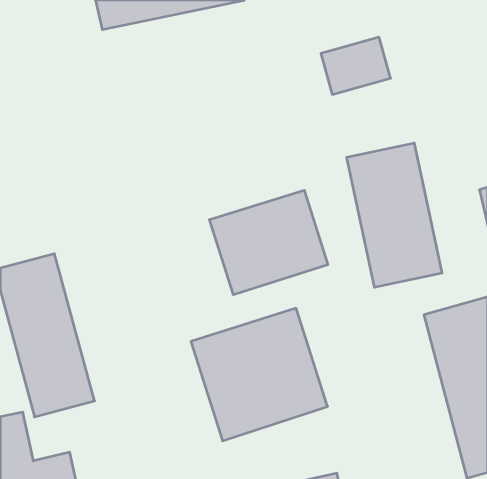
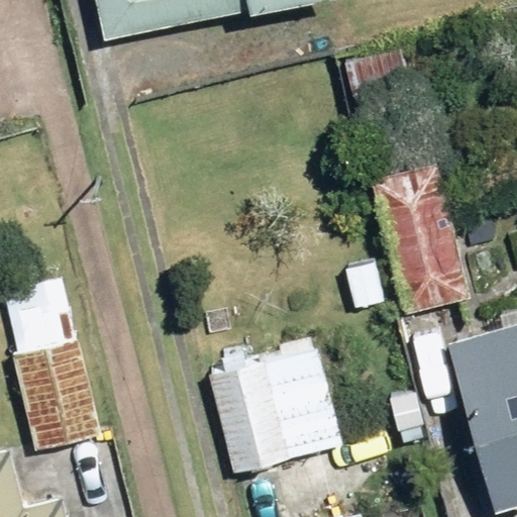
building: [209,190,328,295] -> none

